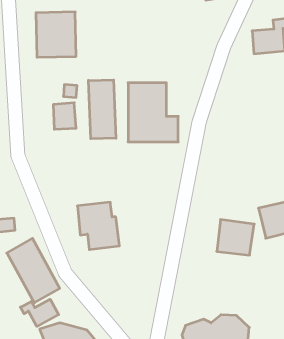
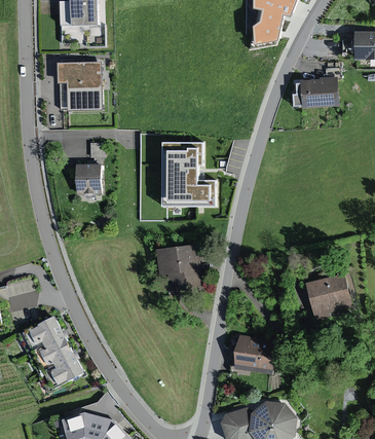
building: [88,80,116,139] -> none
building: [77,202,119,250] -> [156,242,203,295]
building: [217,220,254,255] -> [232,334,274,374]
building: [20,299,59,326] -> none

